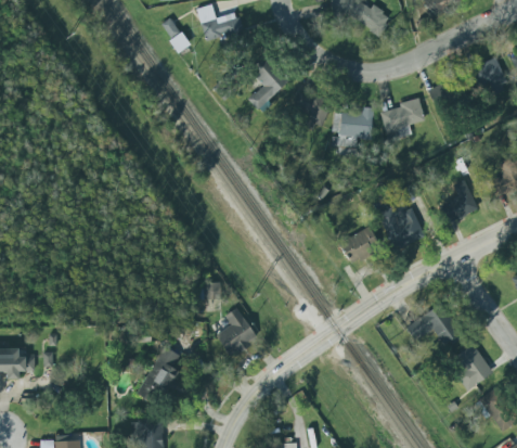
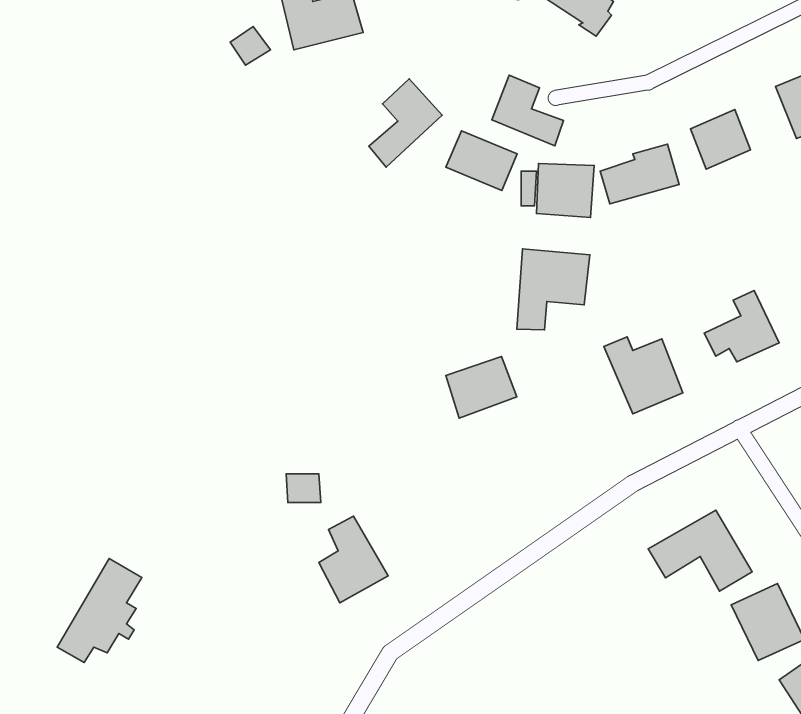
building: none -> [492,75,563,146]
building: none -> [517,249,590,330]
building: [344,228,384,263] -> [446,356,517,418]
building: [132,345,180,404] -> [57,558,142,662]

